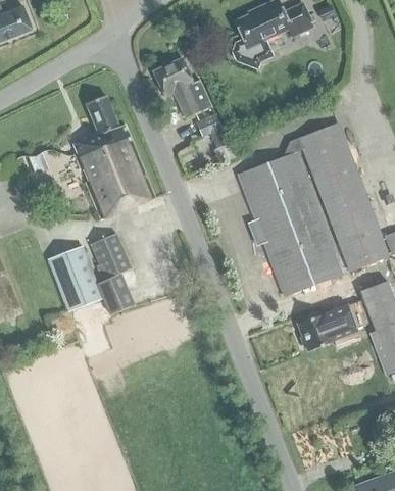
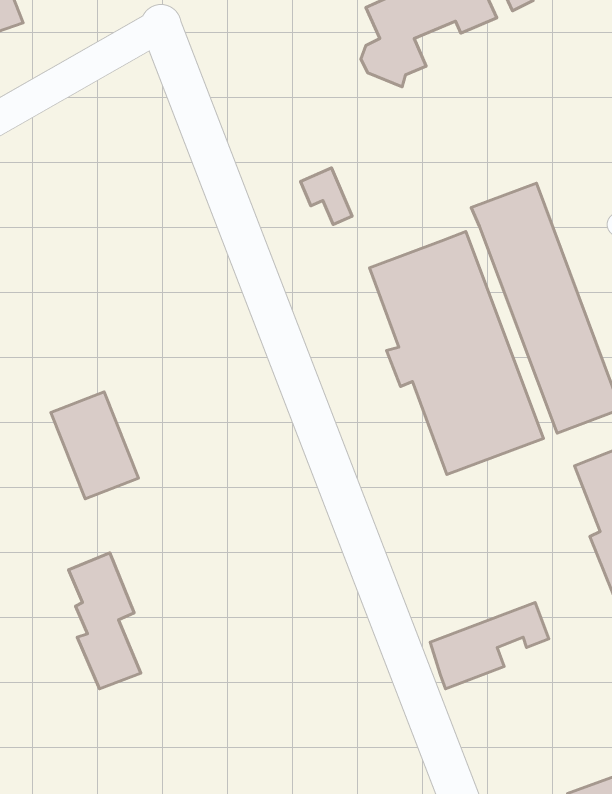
building: [152,58,211,118] -> none
building: [72,95,153,219] -> none
building: [92,232,135,312] -> [69,553,141,689]
building: [297,299,367,350] -> [430,603,549,689]

